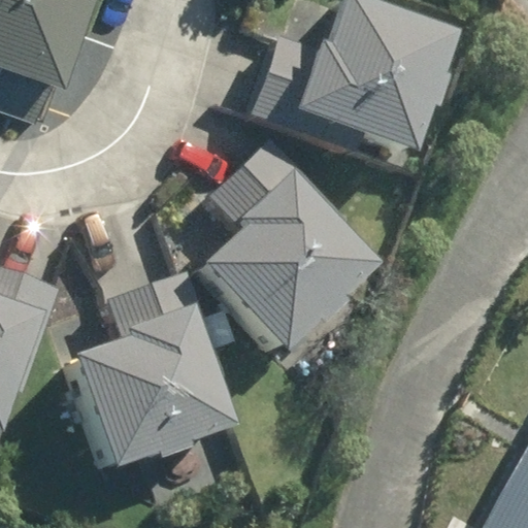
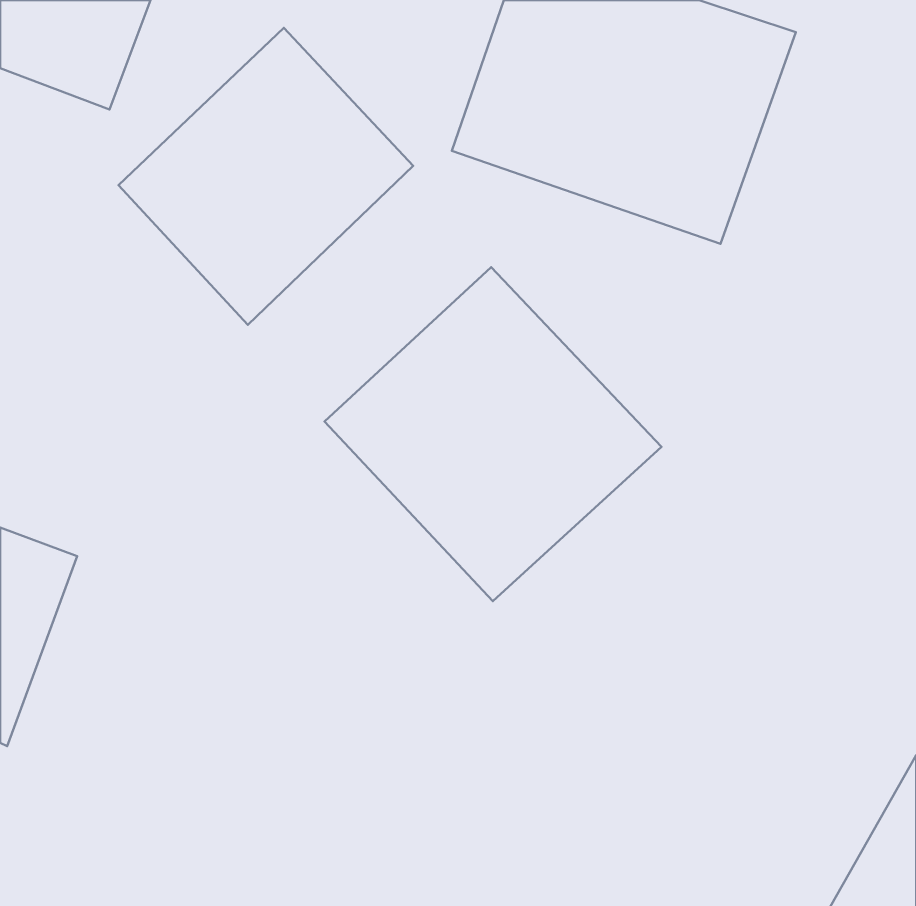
building: none -> [119,28,413,325]
building: [70,299,246,473] -> none

